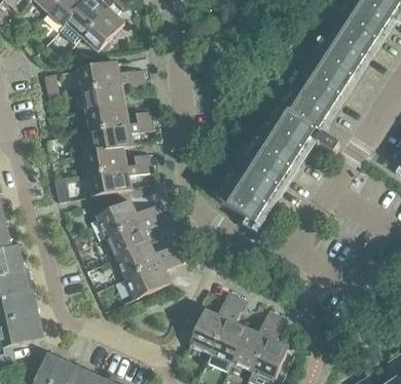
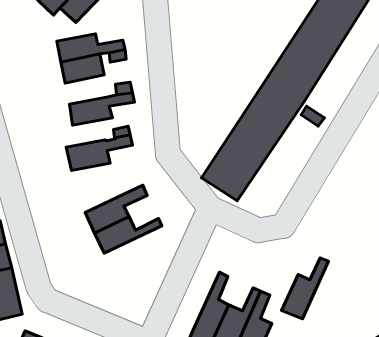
building: [85,103,127,131] -> none
building: [83,147,124,174] -> none
building: [96,201,161,237] -> none
building: [123,251,185,299] -> none
building: [190,293,236,352] -> [281,258,329,319]

